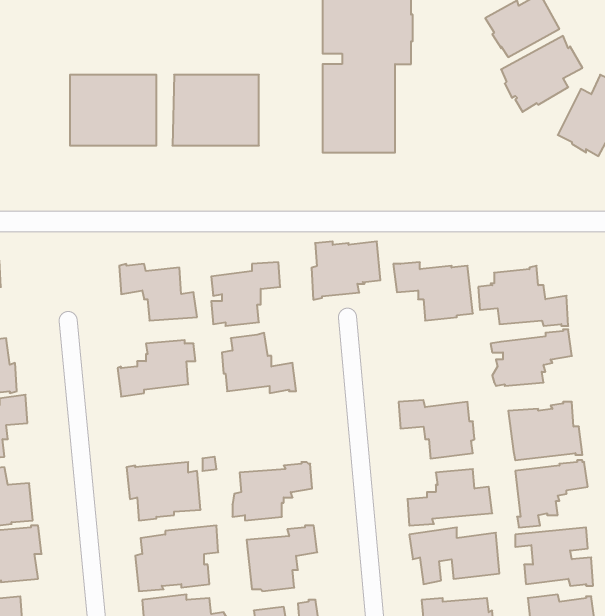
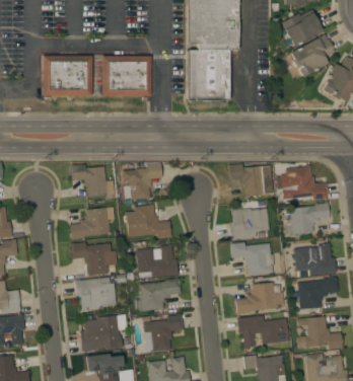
building: [311,241,380,300] -> [229,208,269,241]
building: none -> [70,242,117,276]
building: none -> [136,244,179,279]

